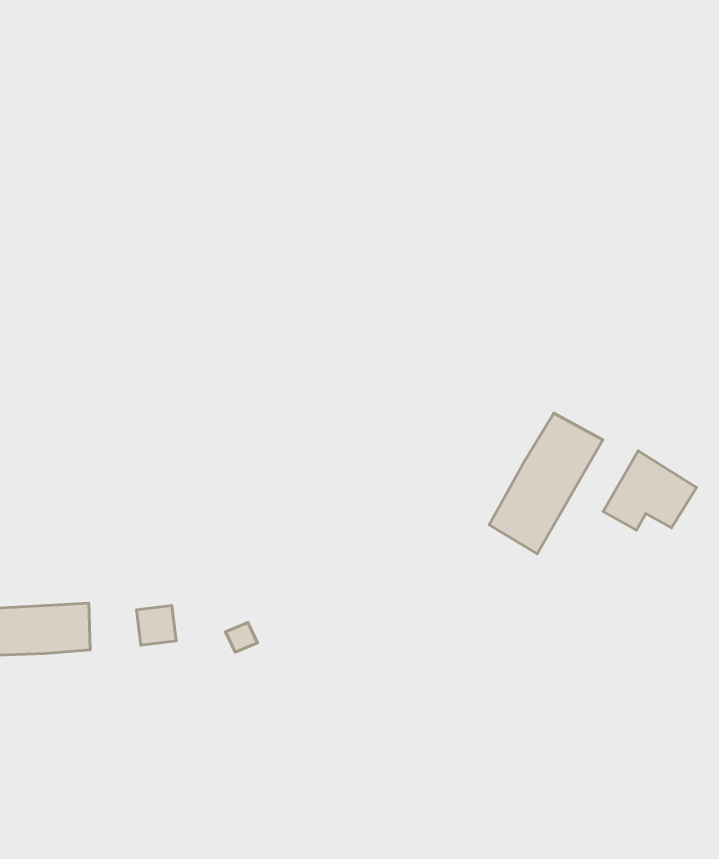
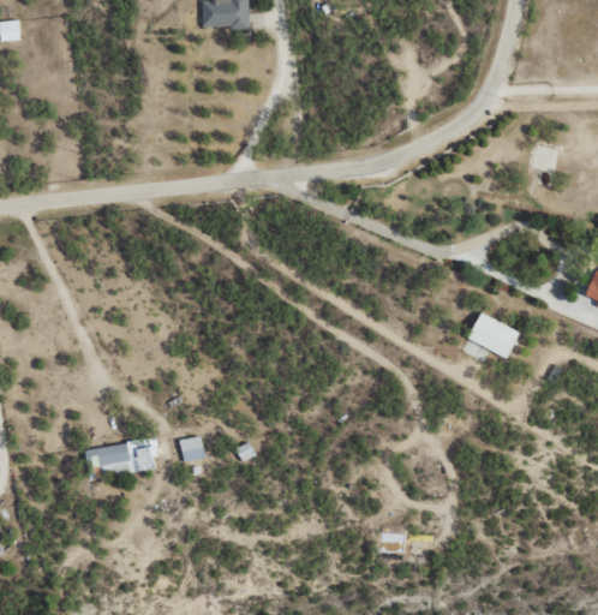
building: [489,413,603,554] -> none

